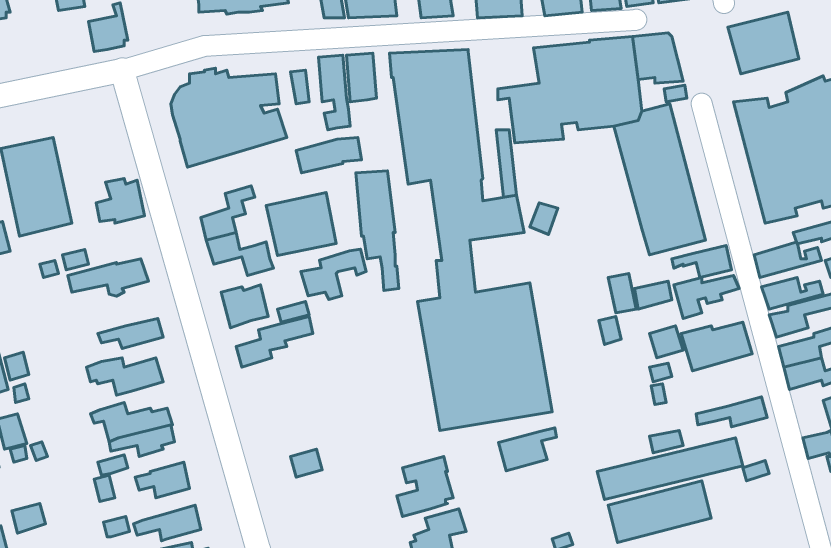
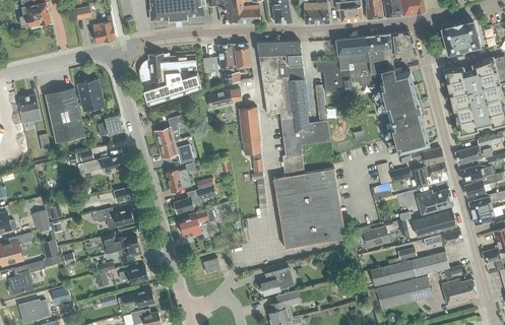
building: none -> [77,79,104,110]
building: [266,192,336,256] -> none
building: [301,249,366,300] -> [179,208,214,236]
building: none -> [413,209,456,237]
building: [499,428,557,471] -> [363,223,394,247]
building: none -> [442,278,478,307]

